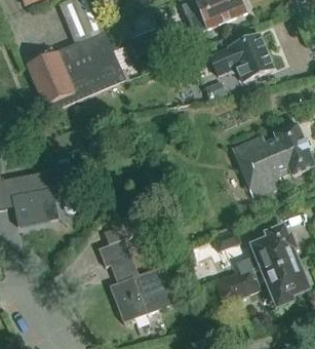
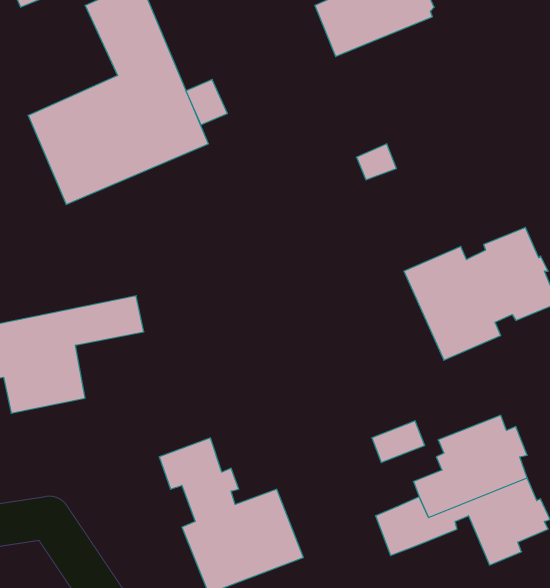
building: [208,34,273,82] -> none

